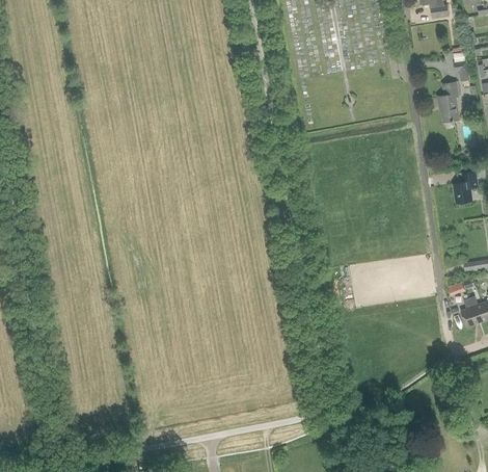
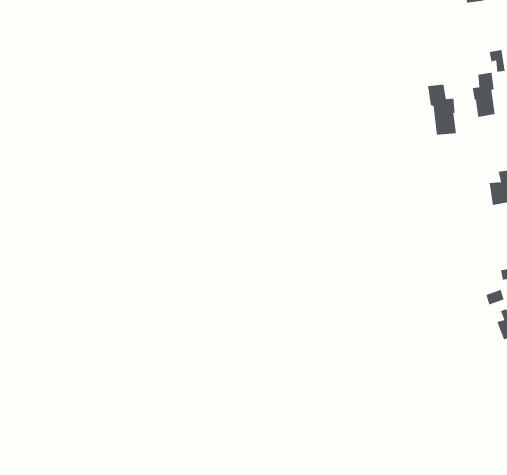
building: none -> [428,84,457,135]

